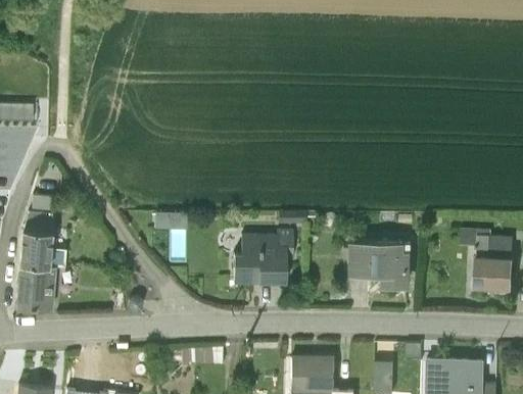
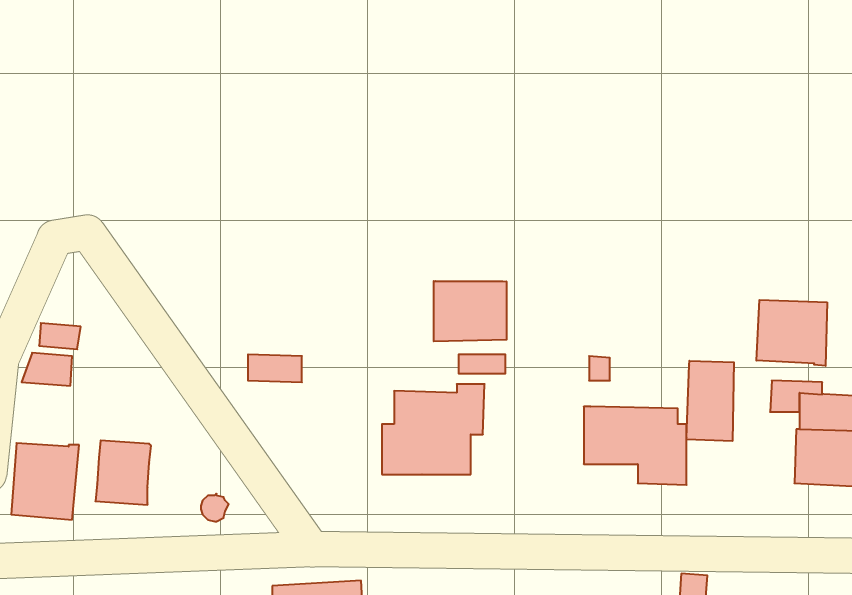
building: none -> [434,281,507,341]
building: none -> [756,300,827,366]
building: none -> [687,361,734,441]
building: [17,230,50,267] -> [95,440,151,505]

